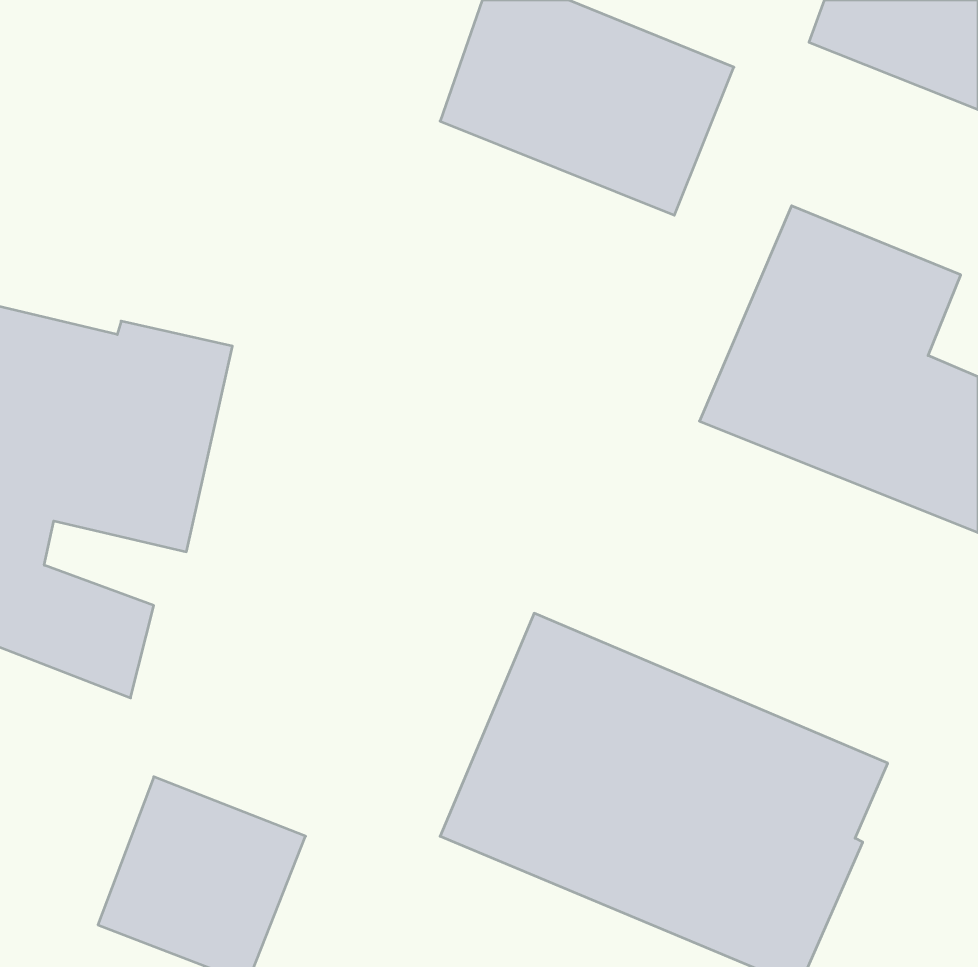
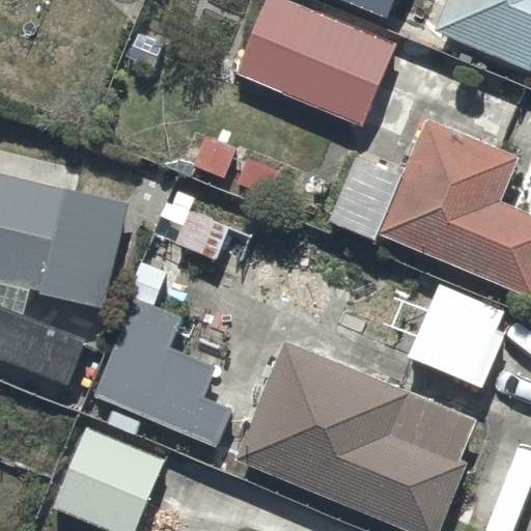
building: none -> [93,264,231,449]
building: none -> [407,286,507,387]

